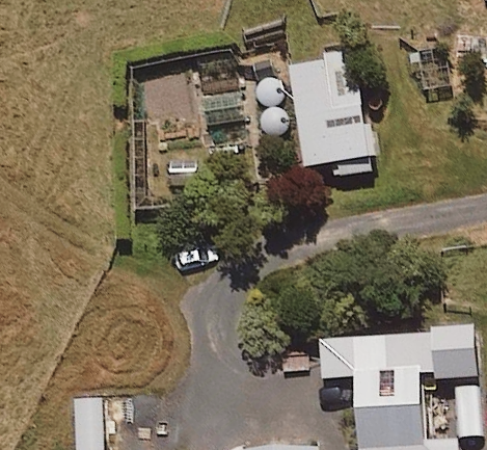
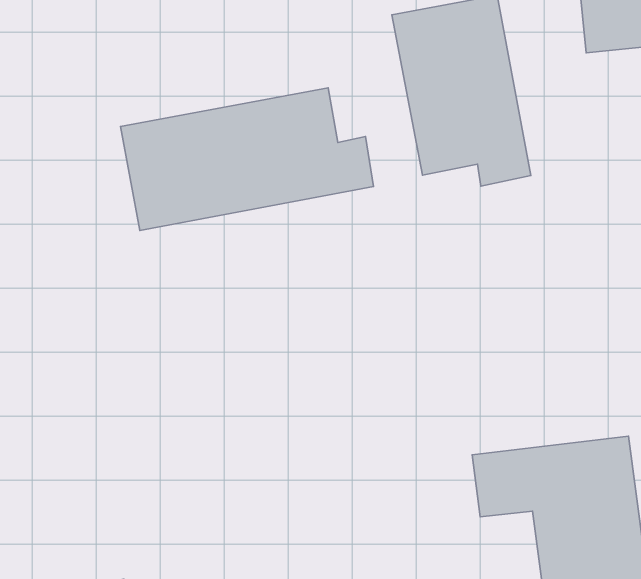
building: none -> [120,88,373,230]

